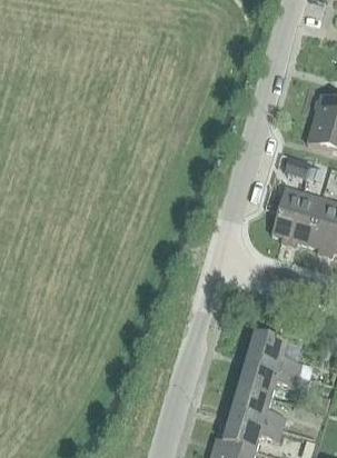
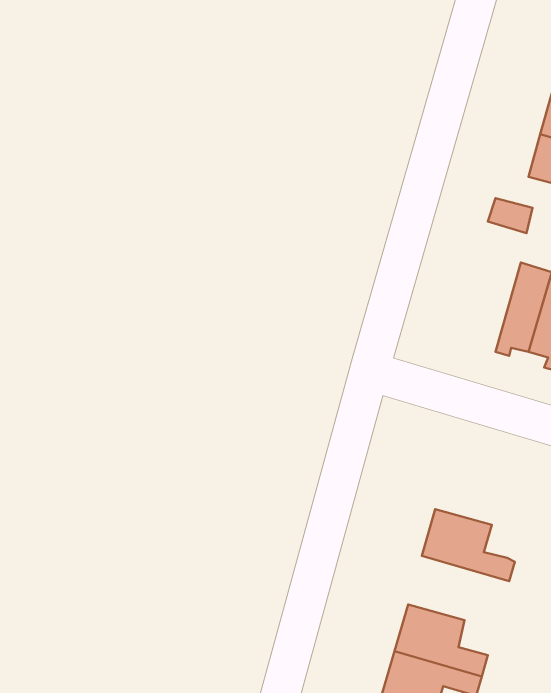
building: [271,186,303,242] -> none
building: [238,359,296,396] -> none

